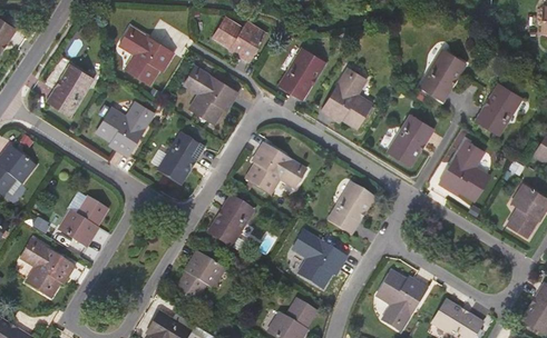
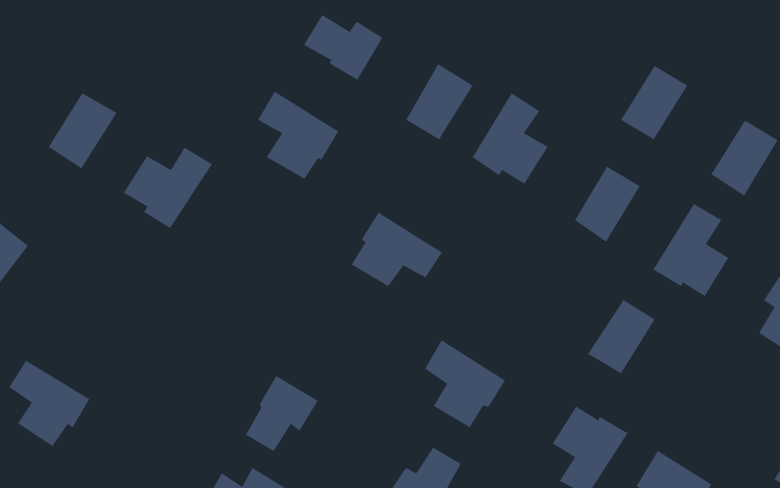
building: [119,24,173,81] -> none
building: [150,132,204,182] -> none
building: [330,179,374,228] -> [587,299,655,374]
building: [208,193,254,250] -> none
building: [59,196,107,246] -> none

